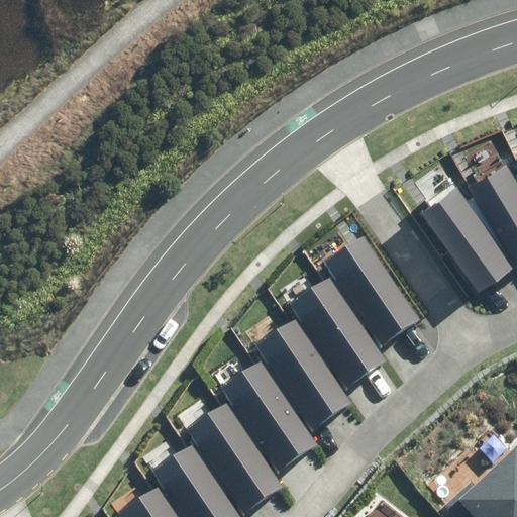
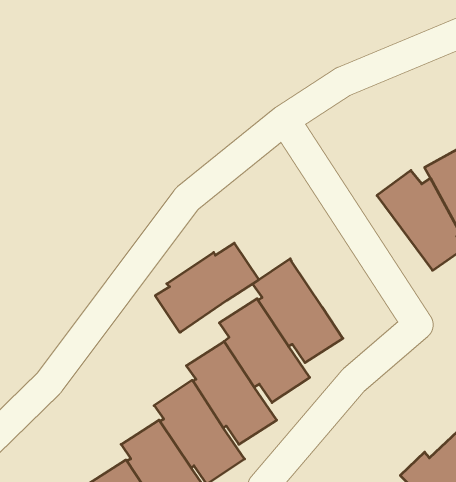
building: [325,237,419,345] -> none
building: none -> [155,243,259,332]

